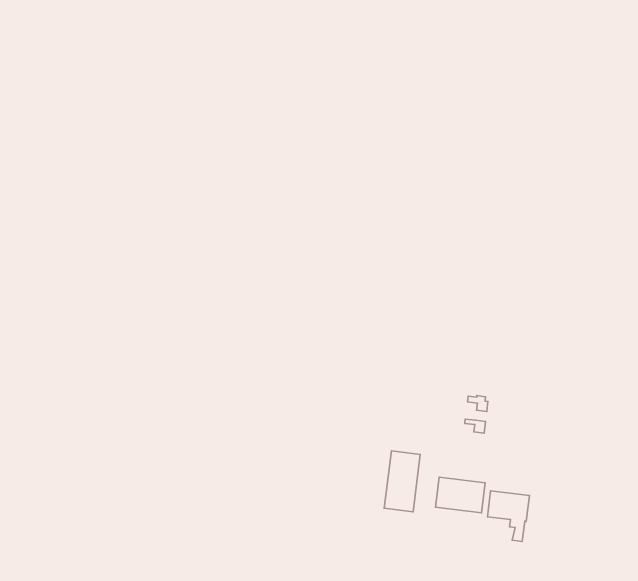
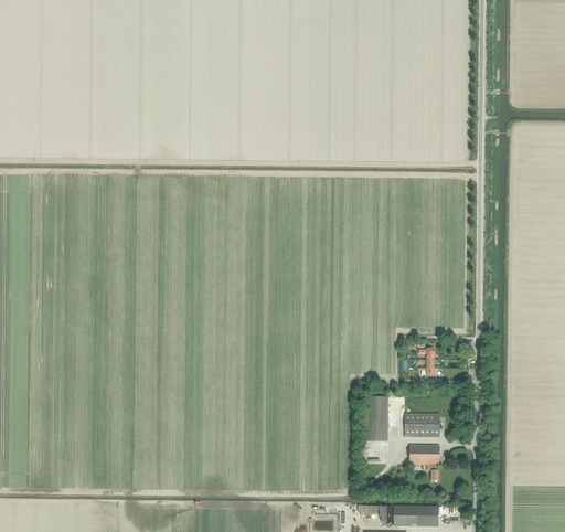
building: [487,491,529,541] -> [409,444,439,479]

